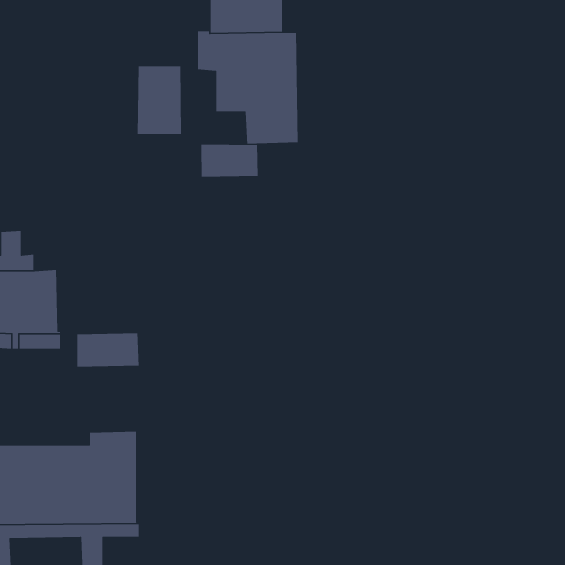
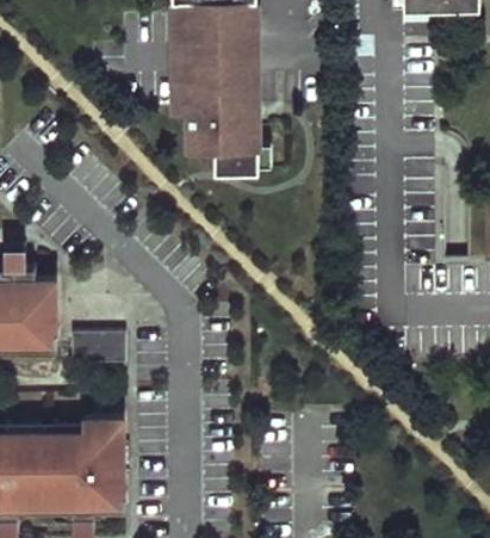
building: [137,65,182,135] -> none
building: [200,144,258,177] -> none

